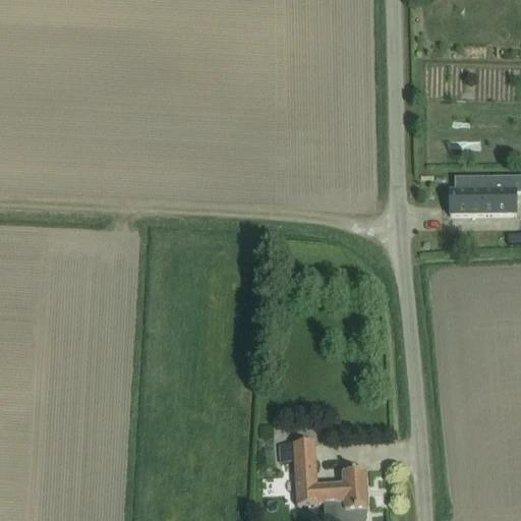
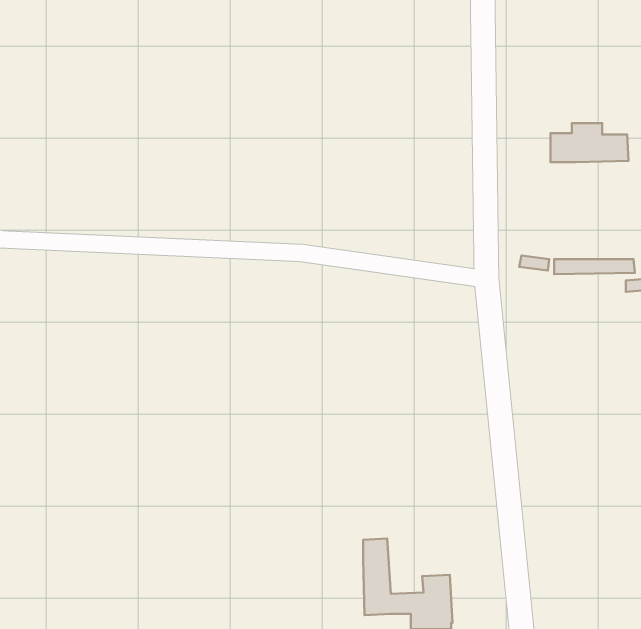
building: [451,175,514,207] -> [551,123,629,162]

